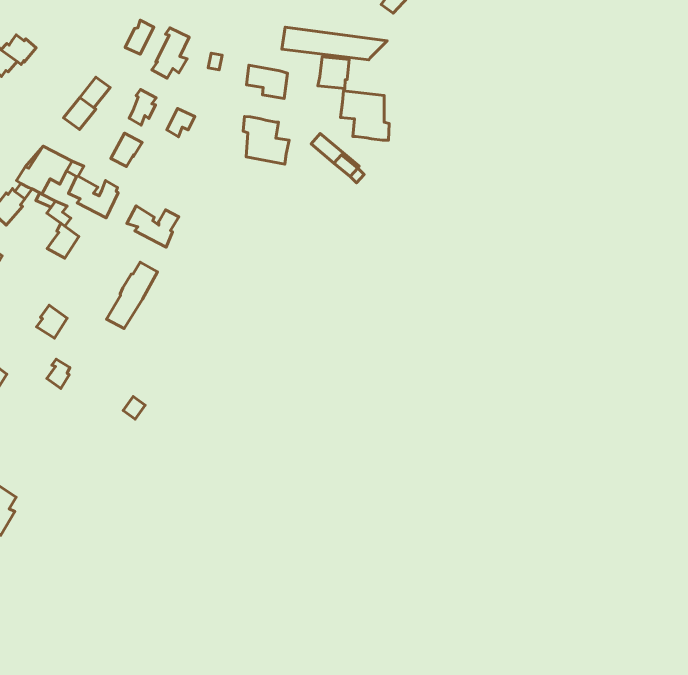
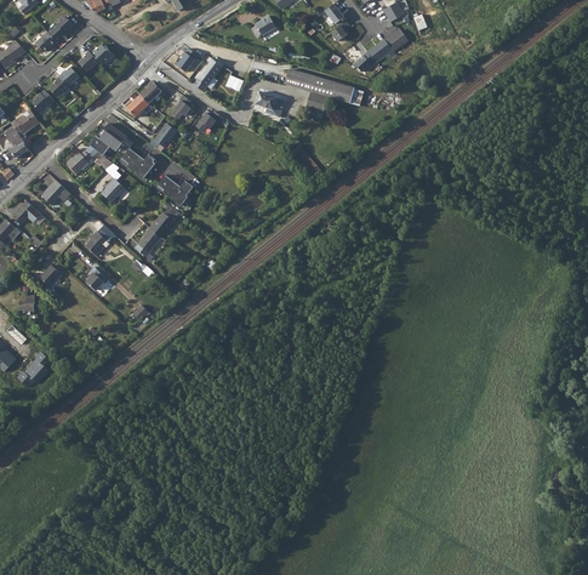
building: [341,91,389,140] -> none
building: [243,116,289,164] -> none

